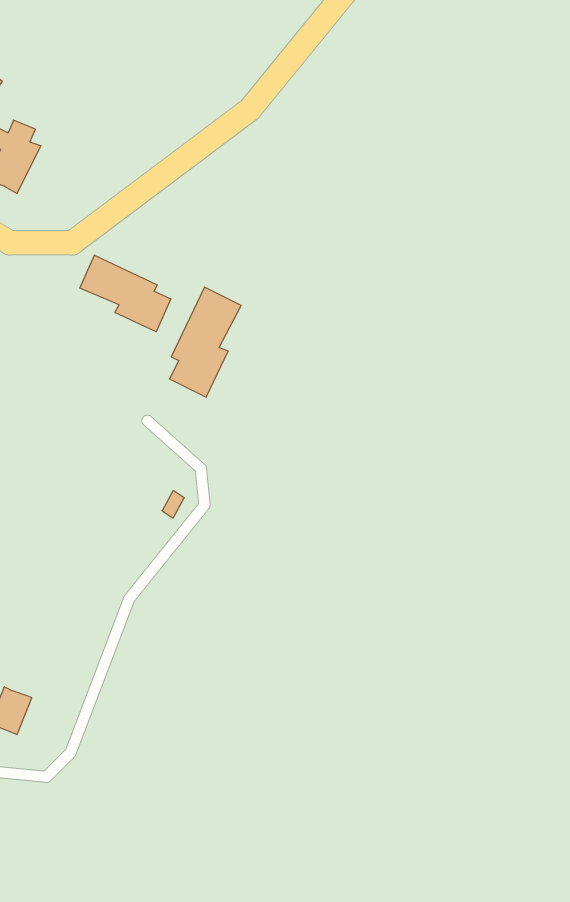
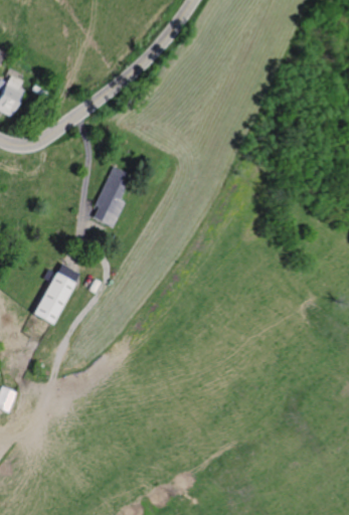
building: [80,255,171,332] -> none
building: none -> [33,264,80,323]

